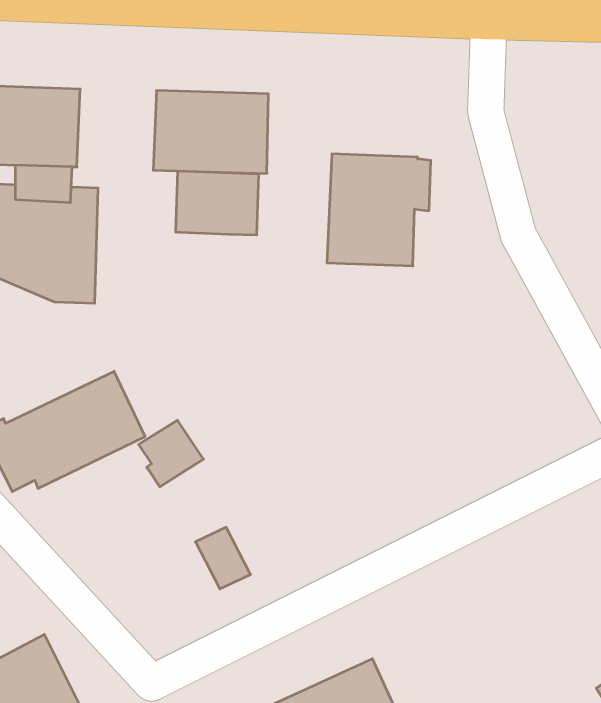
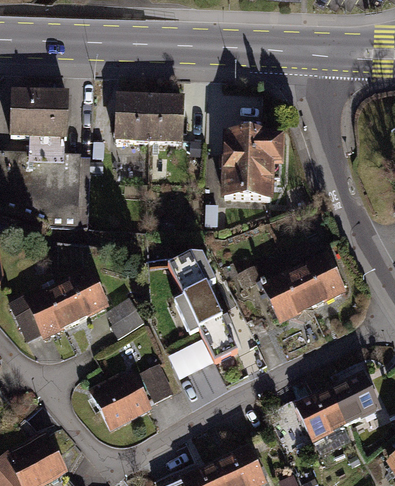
building: [176,171,258,235] -> none
building: none -> [261,250,346,321]
building: none -> [165,254,238,380]
building: none -> [292,369,381,443]
building: none -> [87,371,151,430]

